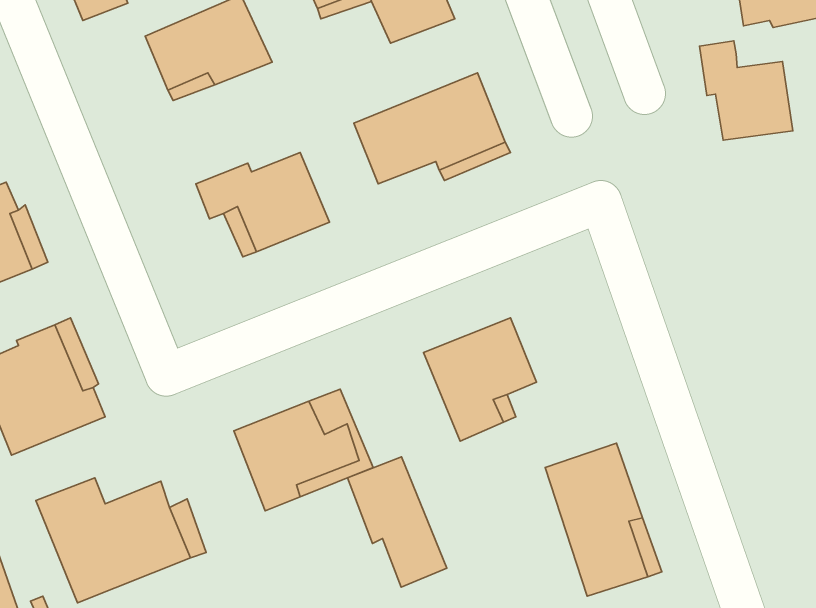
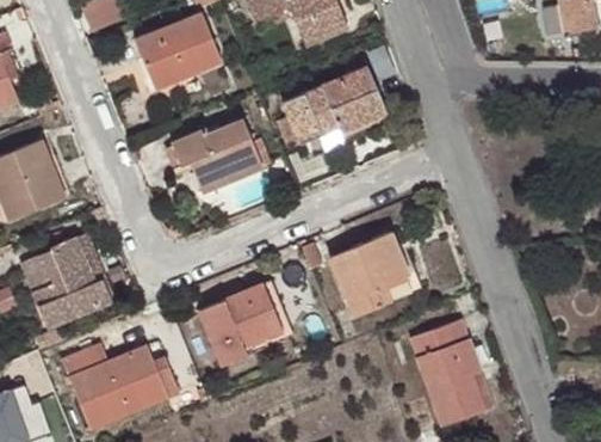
building: [699,41,793,140] -> none
building: [347,457,447,587] -> none

